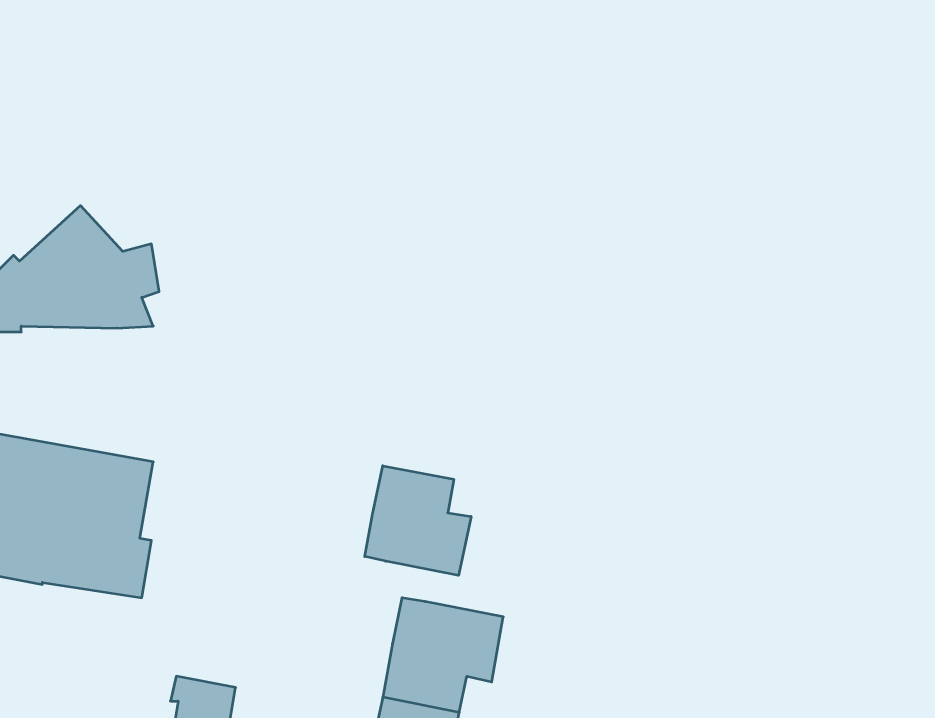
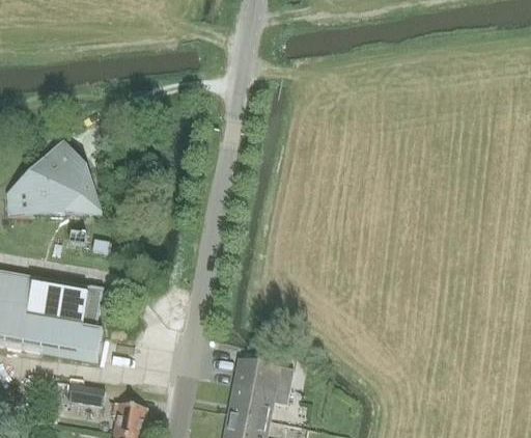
building: [365,466,471,575] -> none
building: none -> [68,383,104,406]

